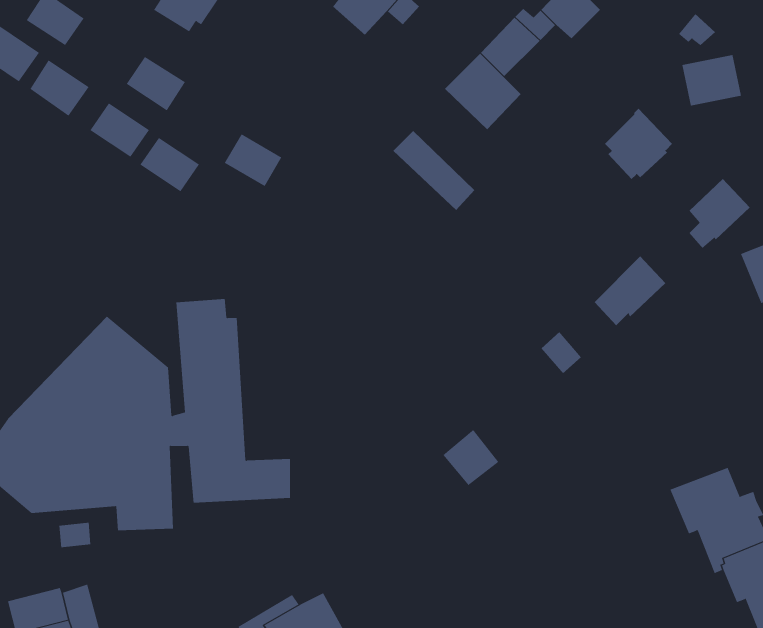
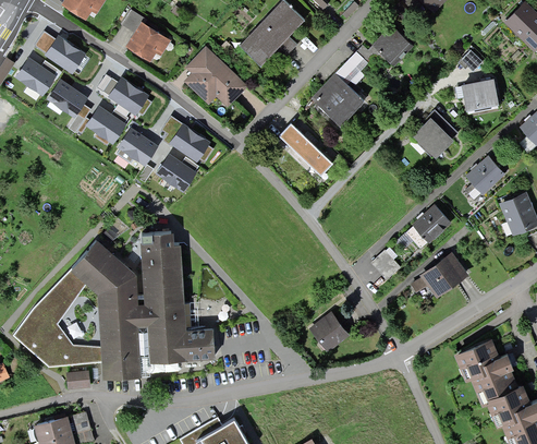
building: none -> [184,48,245,107]
building: none -> [158,156,196,191]
building: none -> [410,254,466,297]

